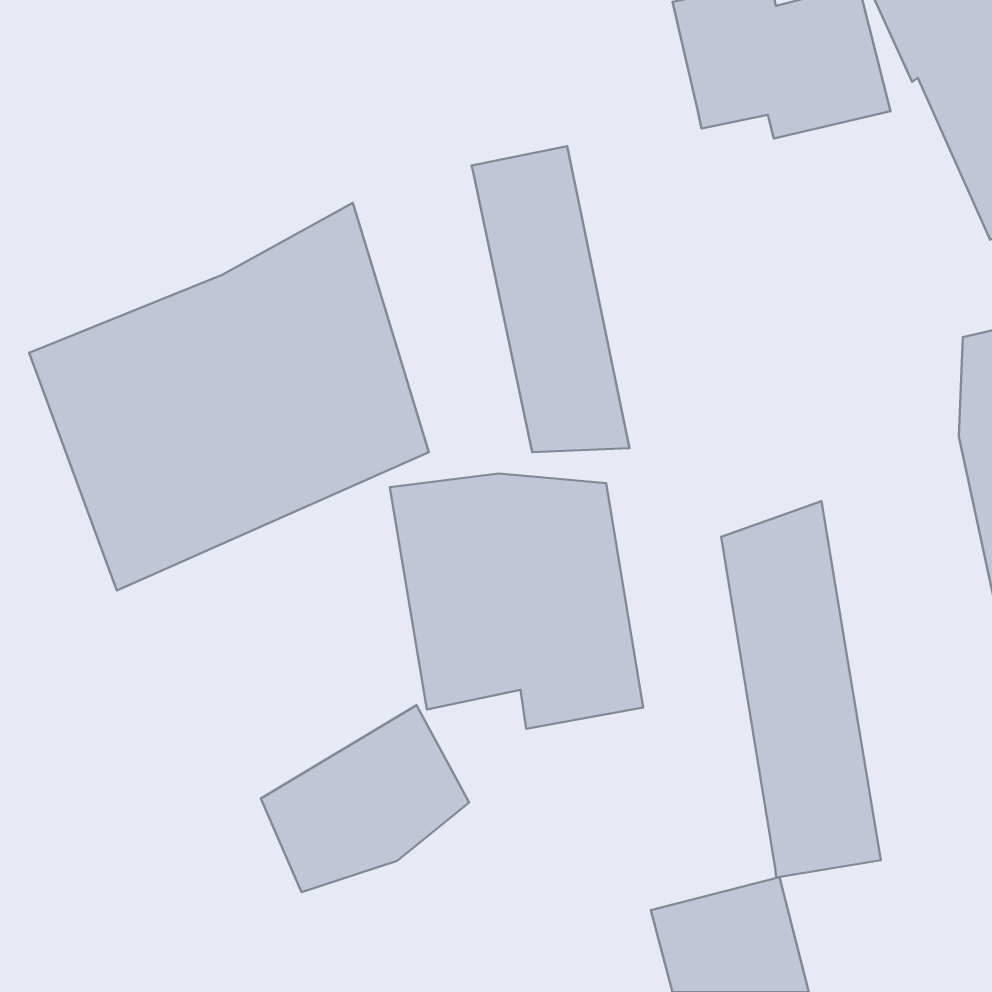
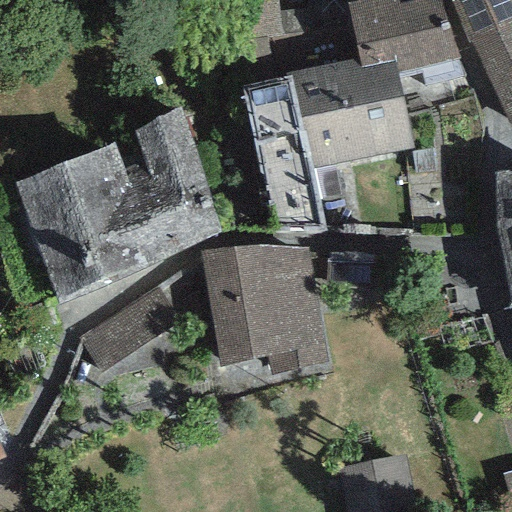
building: none -> [292,57,414,167]
building: [721,501,881,878] -> none
building: [261,705,469,892] -> [82,287,189,383]

